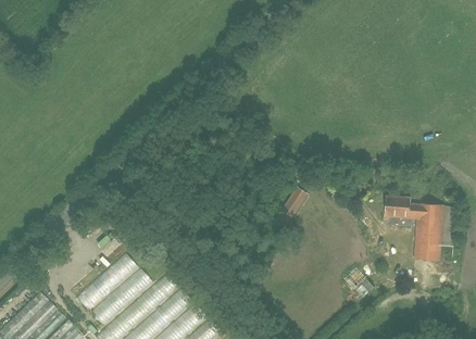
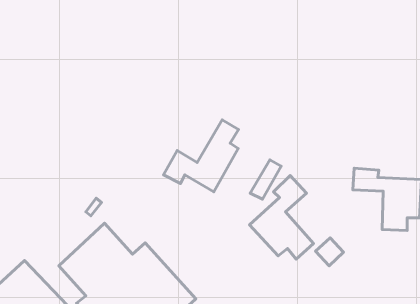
building: none -> [163,120,239,192]
building: none -> [249,175,314,259]

